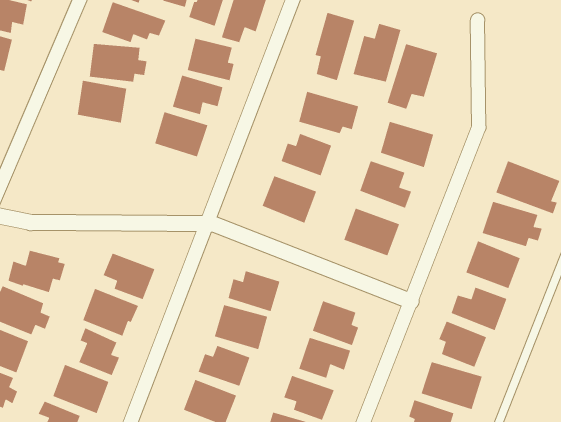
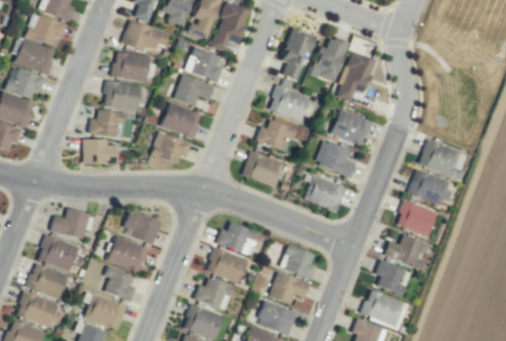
building: none -> [90,111,126,136]
building: none -> [151,132,192,164]
building: none -> [84,139,118,164]

